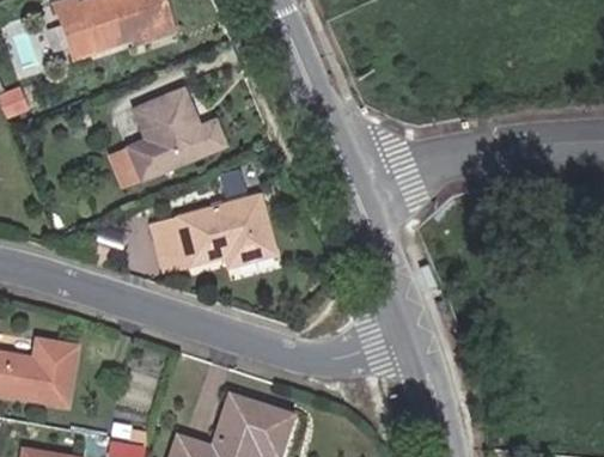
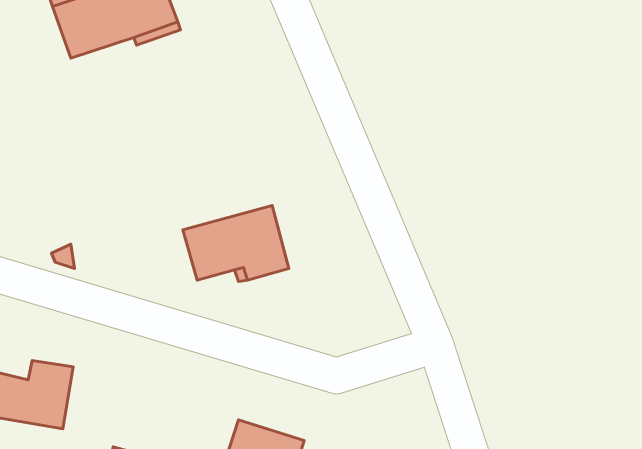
building: [132,91,222,178] -> none
building: [153,219,190,273] -> none

